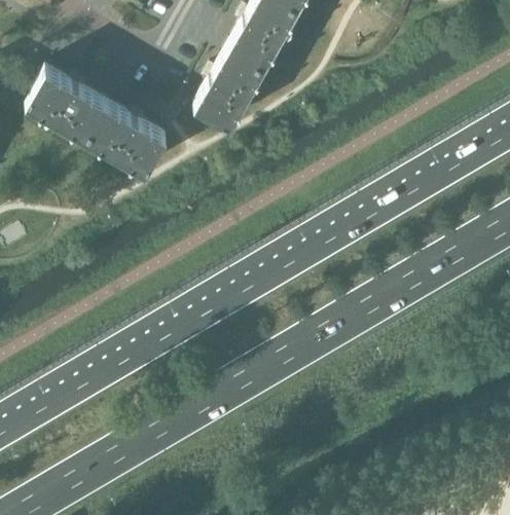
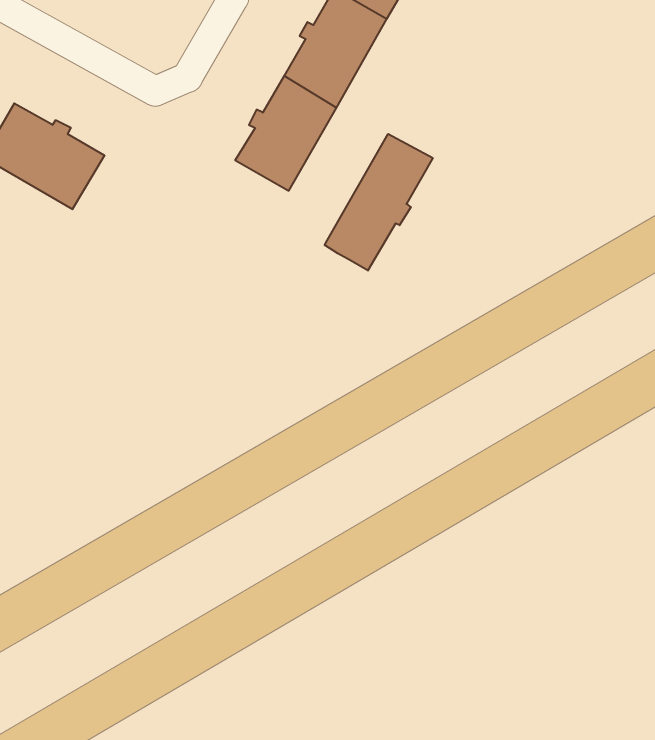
building: none -> [325,134,433,271]
building: [85,108,167,178] -> none

